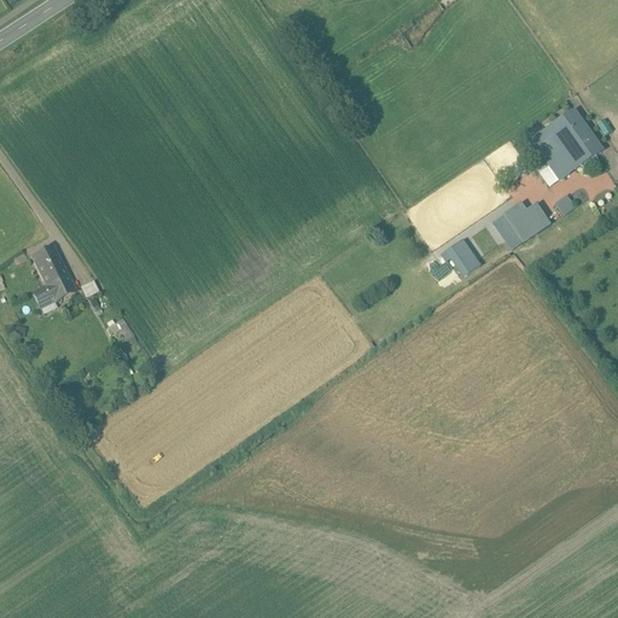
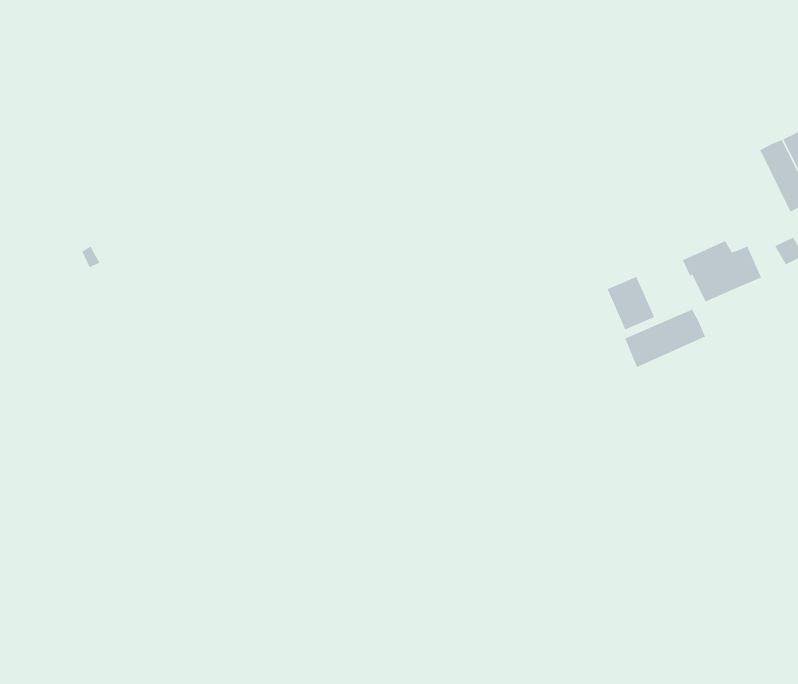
building: [31,244,75,307] -> none
building: none -> [624,308,706,368]

